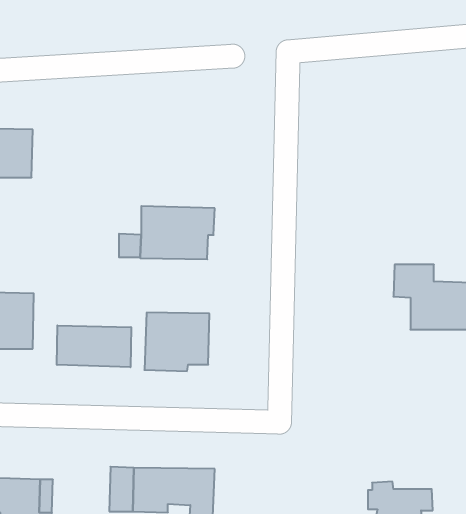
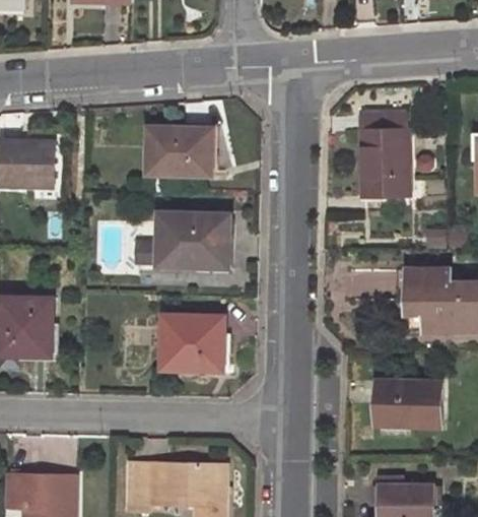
building: none -> [361,110,405,193]
building: none -> [149,126,214,172]
building: [57,325,131,367] -> none
building: none -> [375,380,440,427]

